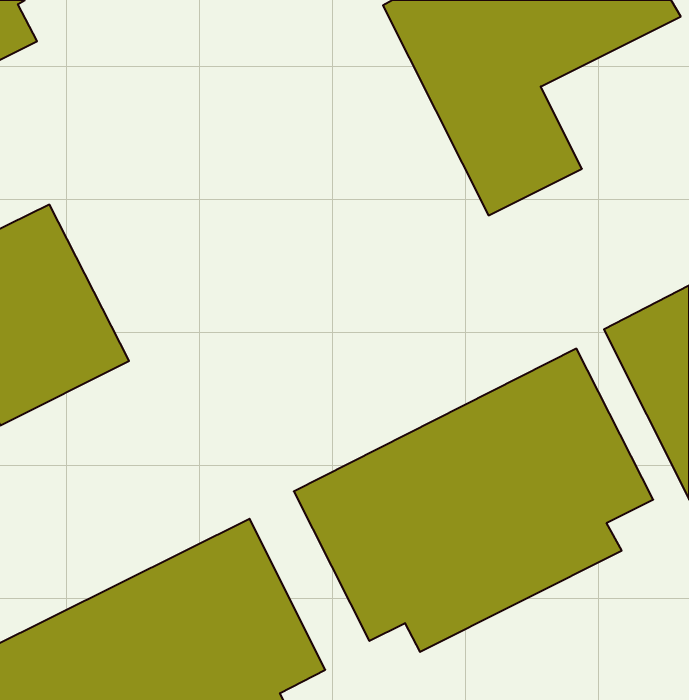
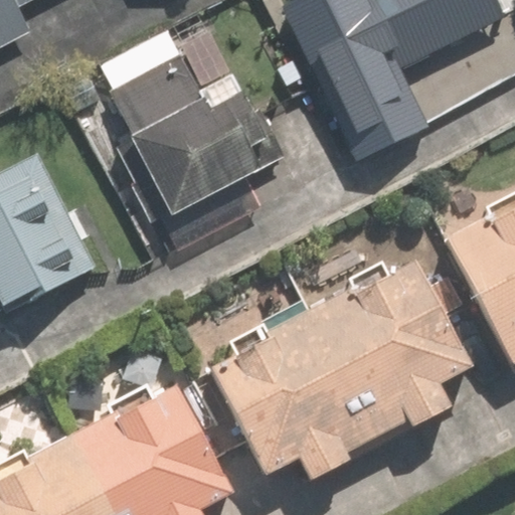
building: none -> [98,30,280,212]

